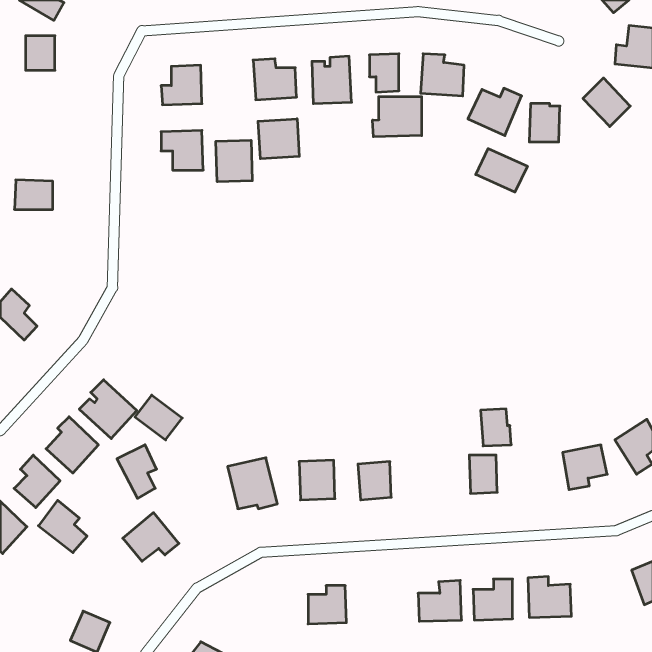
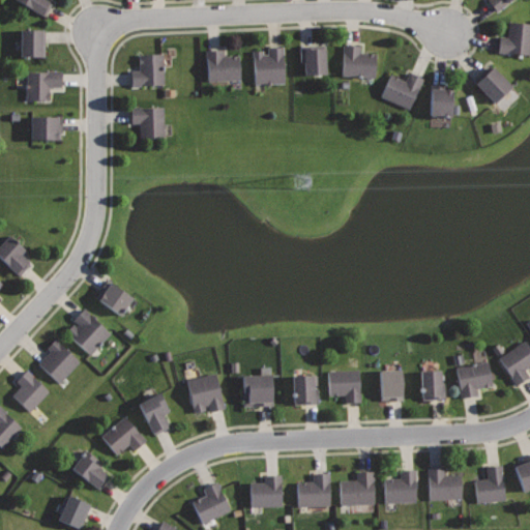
building: none -> [27,71,61,100]
building: [373,97,422,137] -> none
building: [258,119,299,159] -> none
building: [216,140,252,182] -> none
building: [476,149,527,192] -> none
building: [14,180,53,209] -> [31,116,62,140]
building: [135,395,182,440] -> [95,279,134,316]
building: [481,409,511,446] -> [420,371,445,401]
building: [117,445,157,498] -> [138,392,170,436]
building: none -> [328,369,361,403]
building: [38,500,87,553] -> [70,448,110,491]
building: none -> [474,465,505,503]
building: none -> [297,473,330,507]
building: none -> [193,482,231,524]

